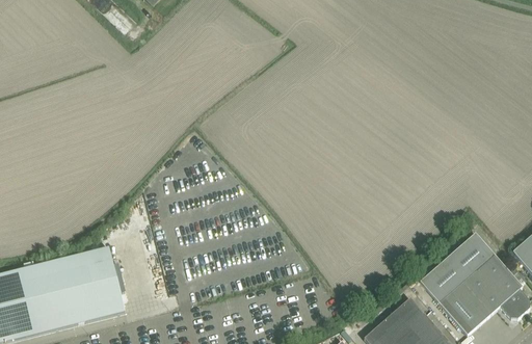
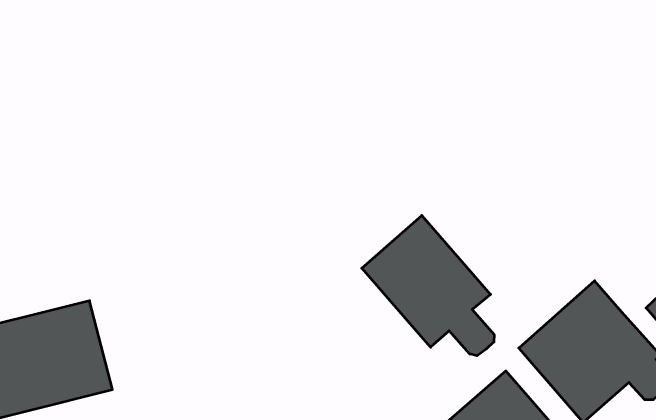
building: none -> [362,215,494,356]

